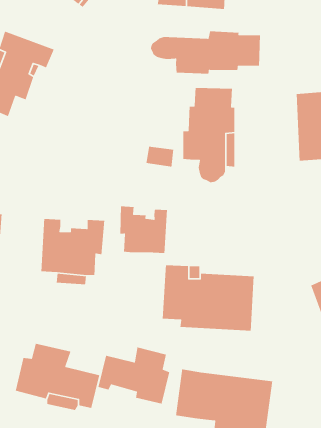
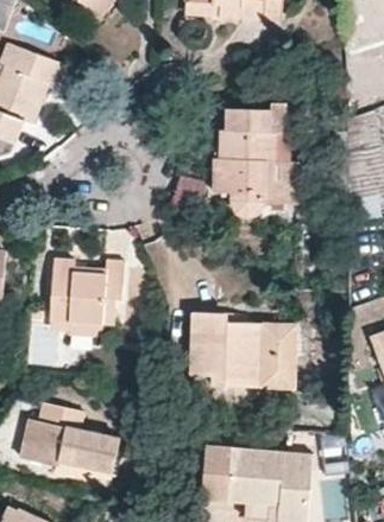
building: [150,31,261,75] -> none
building: [119,206,168,254] -> none
building: [98,346,170,404] -> none

